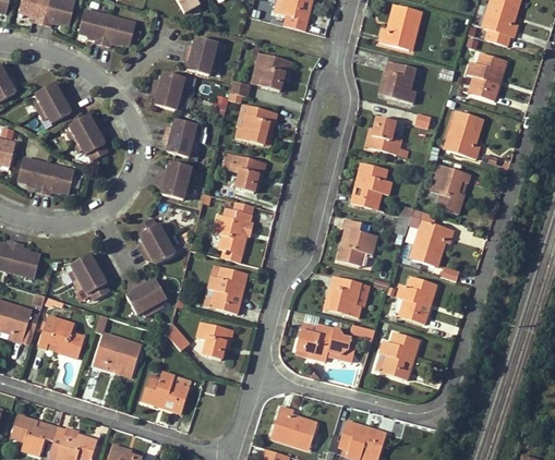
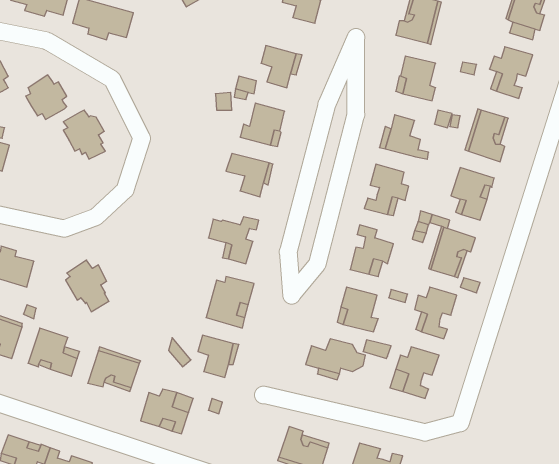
building: [186,38,224,76] -> none
building: [153,72,191,110] -> none
building: [162,119,202,159] -> none
building: [22,159,77,195] -> none
building: [157,162,196,201] -> none
building: [135,218,177,265] -> none
building: [125,276,166,315] -> none

